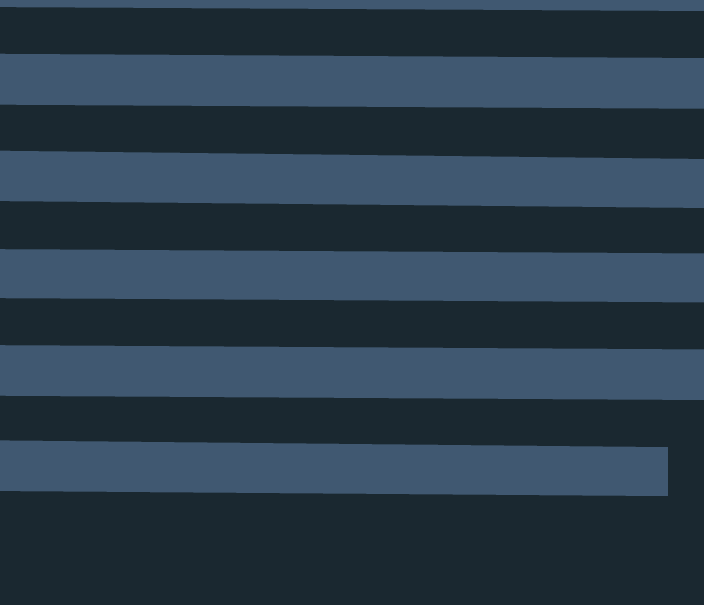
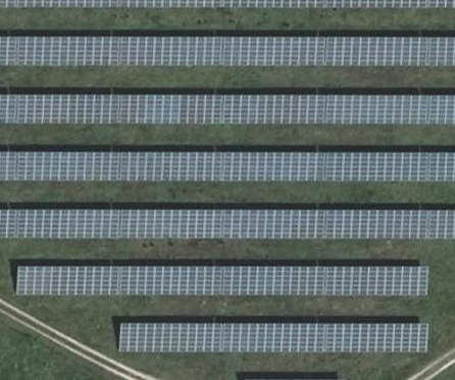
building: none -> [118,321,427,354]

